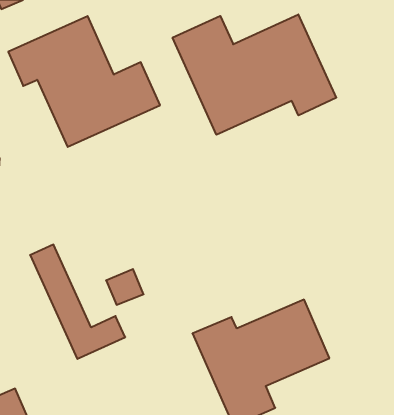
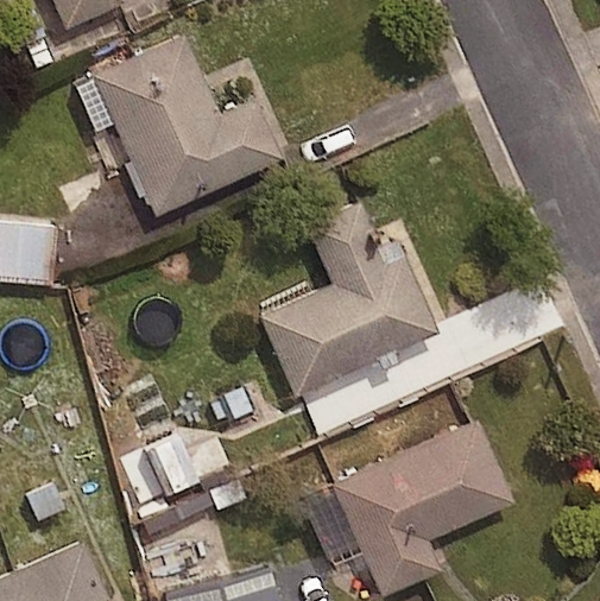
building: [173,14,336,135] -> none
building: none -> [260,210,440,431]

